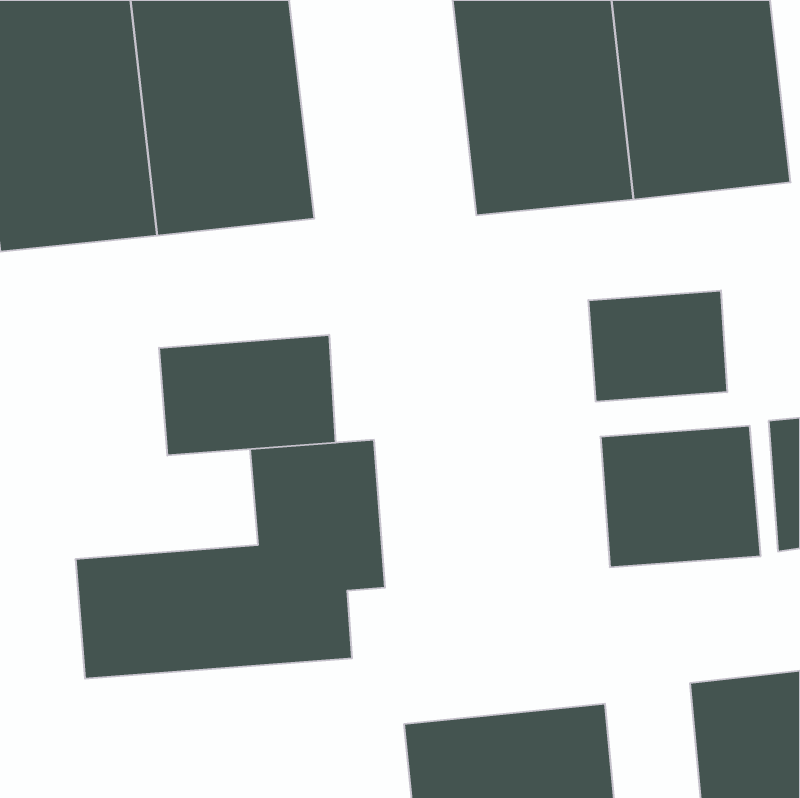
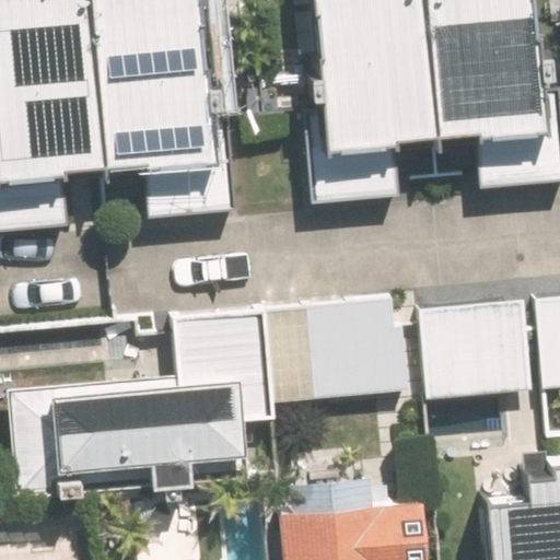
building: [588,290,727,402] -> none
building: [159,335,336,456] -> none
building: none -> [304,294,406,401]

